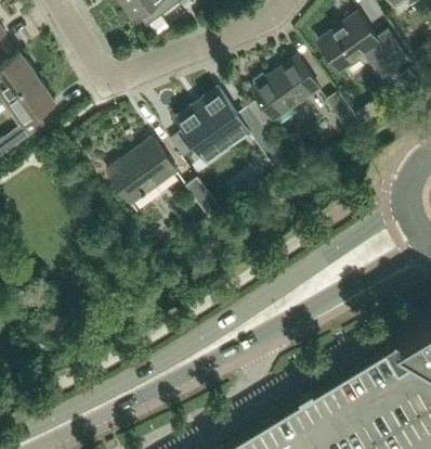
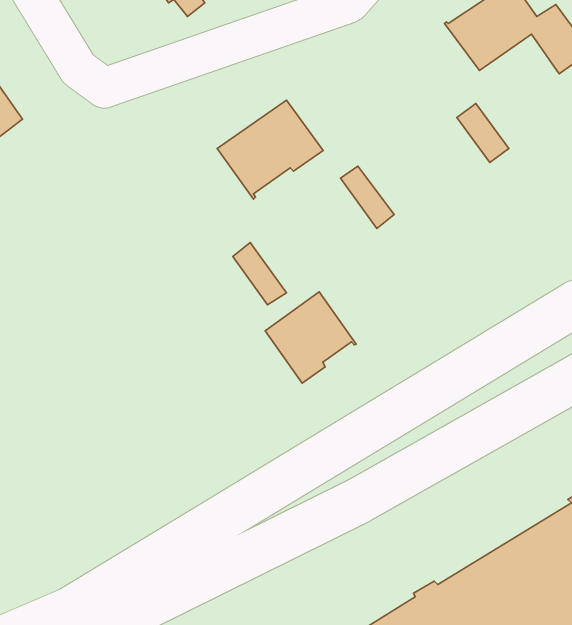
building: [249,56,321,129] -> none
building: [107,139,177,205] -> none
building: none -> [265,292,356,383]

